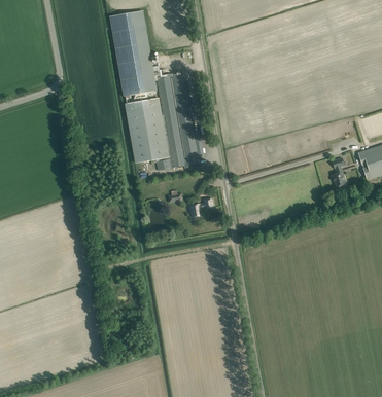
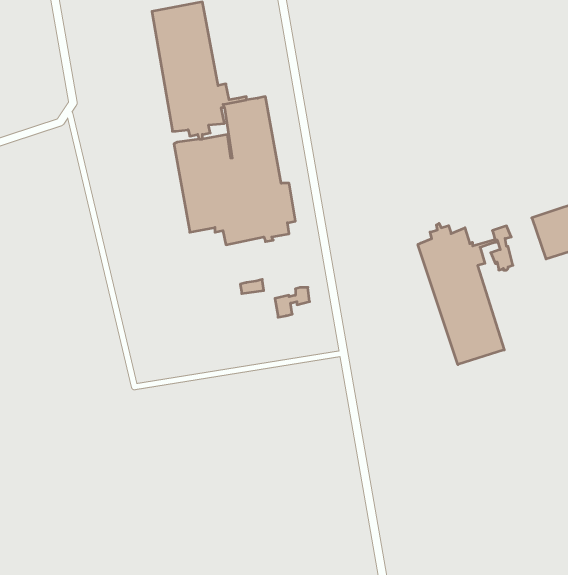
building: none -> [418,223,504,365]

